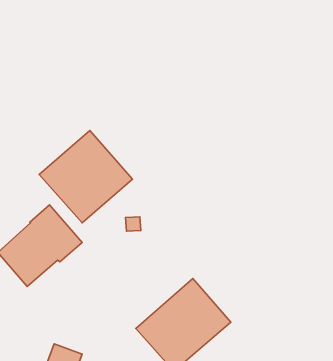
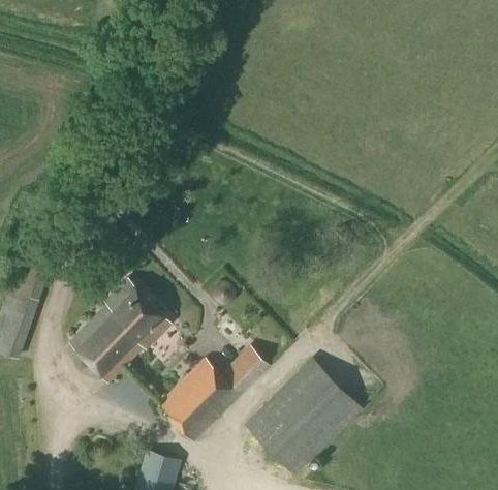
building: [39,130,132,223] -> none
building: none -> [158,344,271,440]

